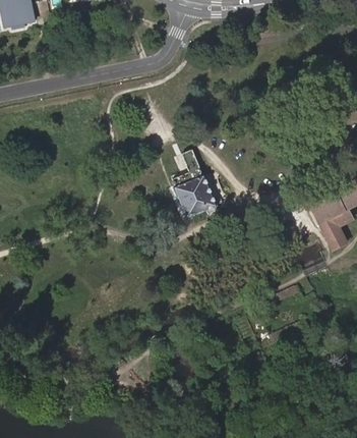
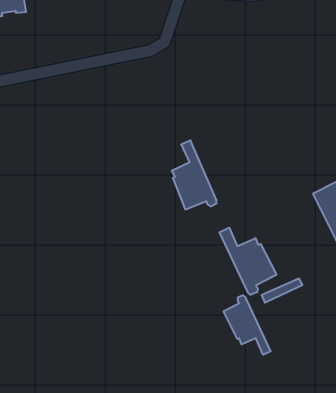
building: none -> [220,228,276,295]
building: none -> [223,295,271,355]

